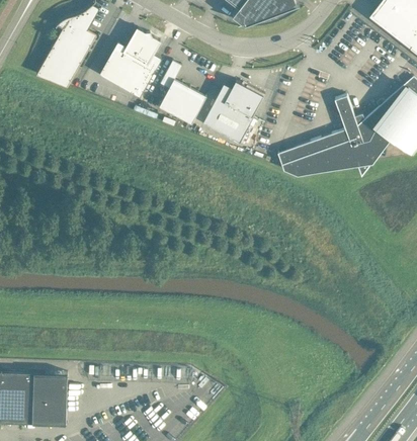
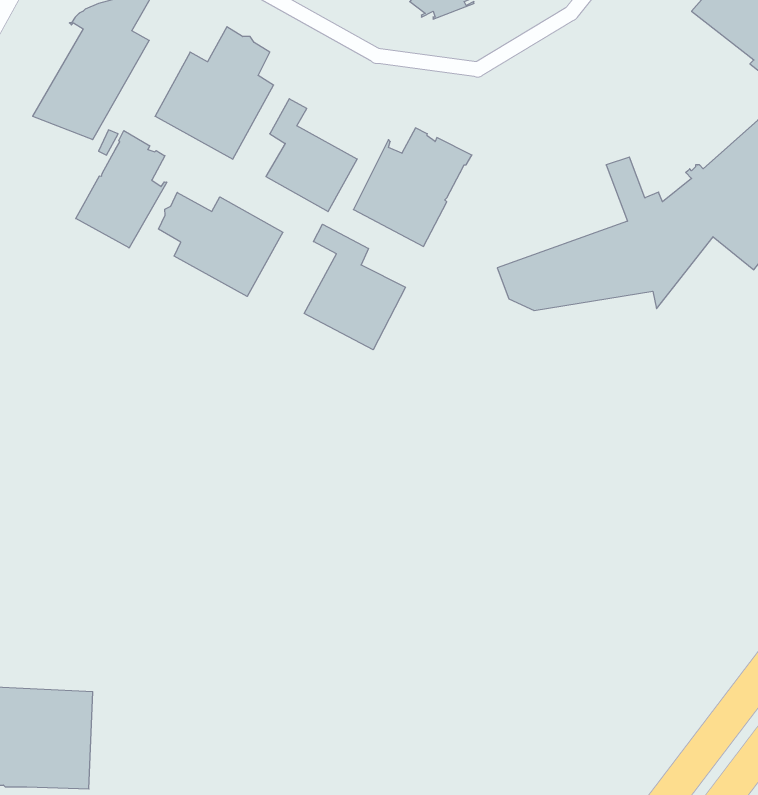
building: none -> [76,131,167,248]
building: none -> [159,192,283,296]
building: none -> [304,224,405,350]

